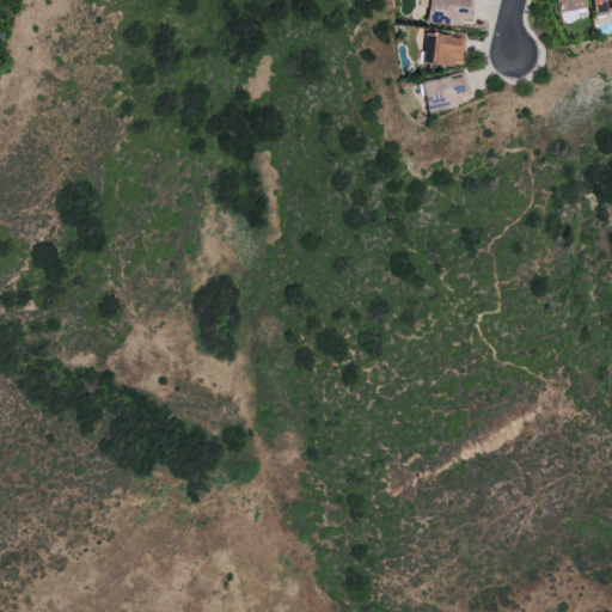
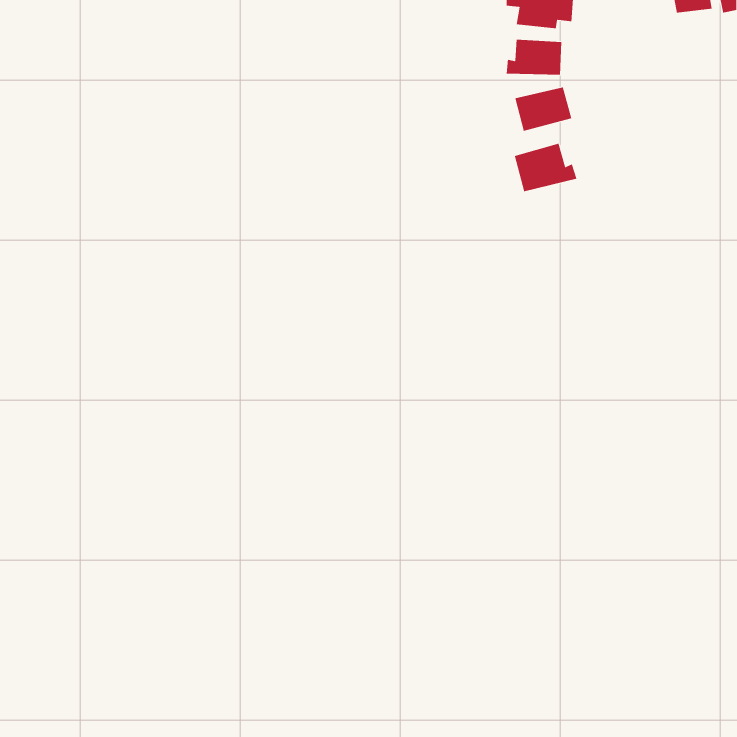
building: none -> [514,143,577,192]

